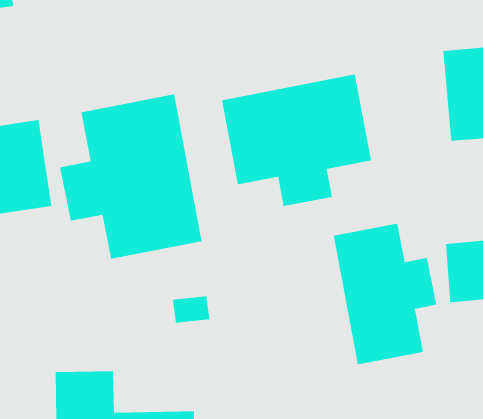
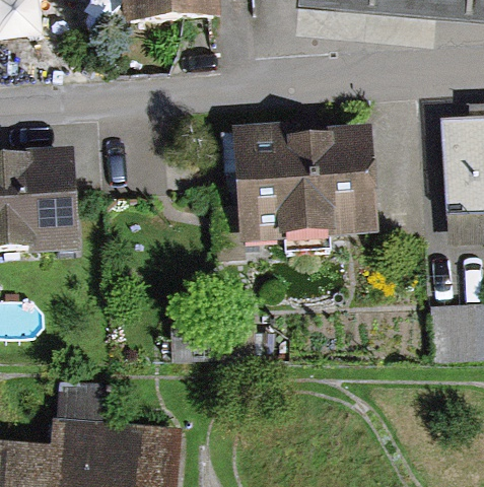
building: [60,94,202,259] -> none
building: [333,223,437,365] -> none

